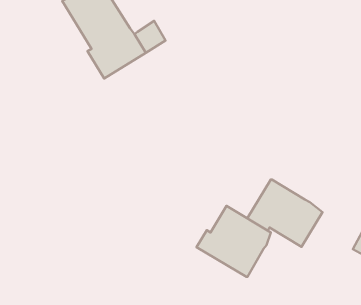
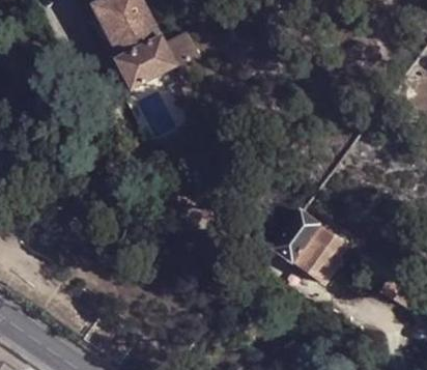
building: [196,206,271,277] -> none

